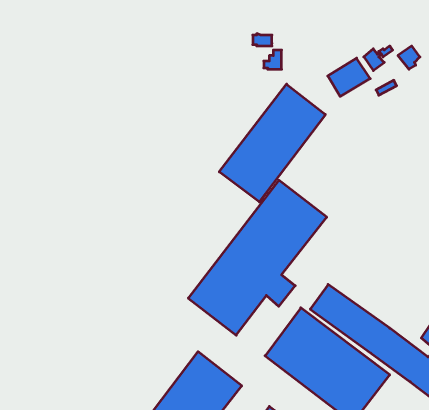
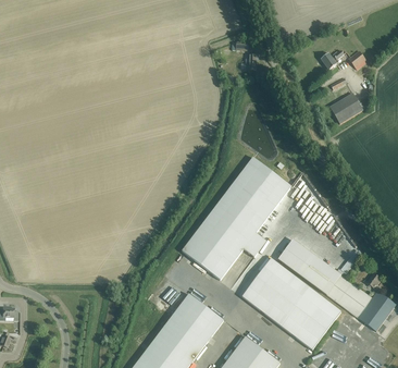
building: [328,58,370,96] -> [329,93,363,123]
building: [219,84,325,202] -> none

